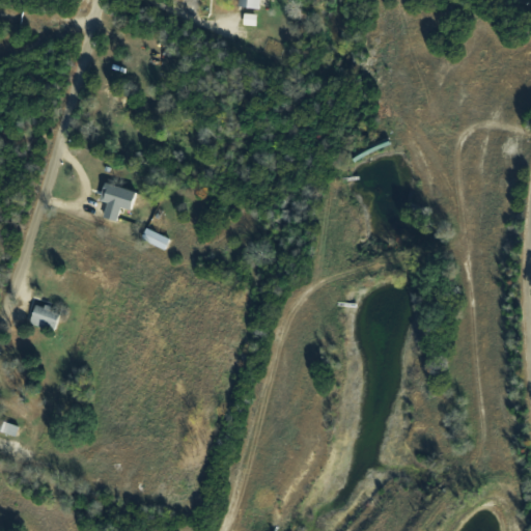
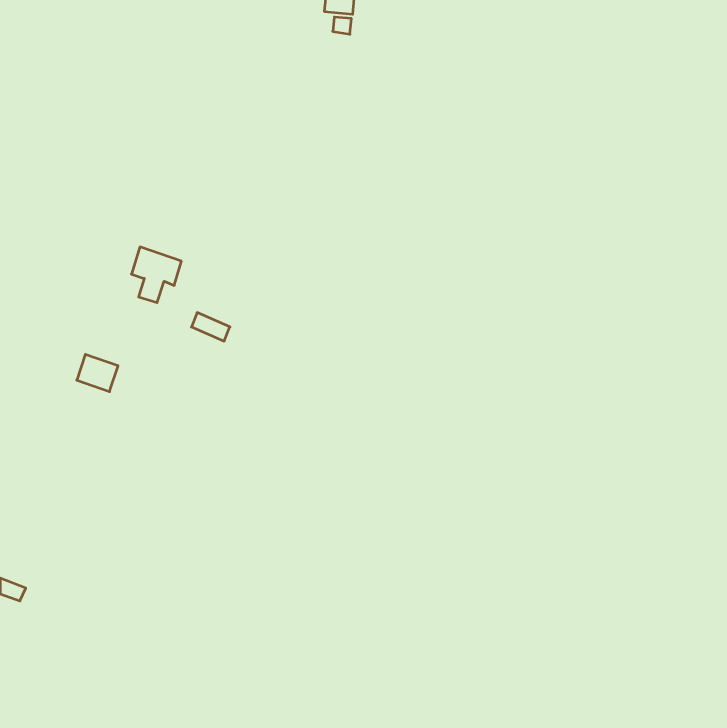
building: [30,303,60,330] -> [77,354,118,392]

